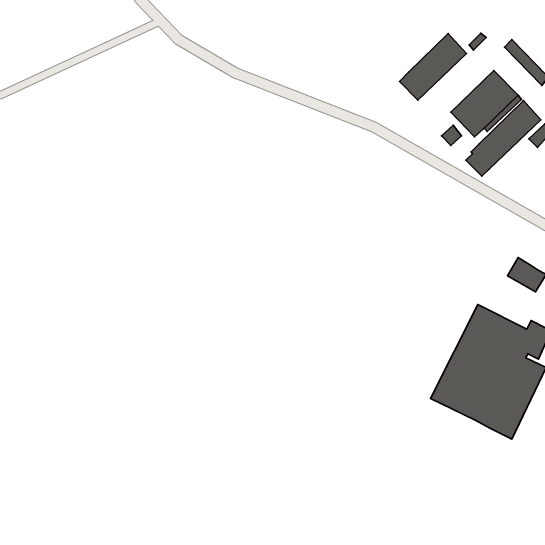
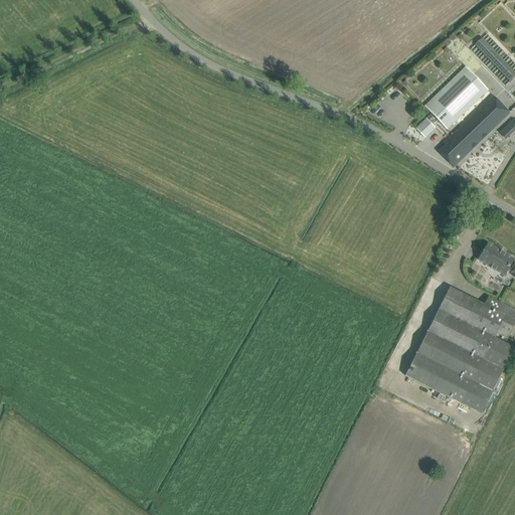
building: [399,34,466,100] -> none

